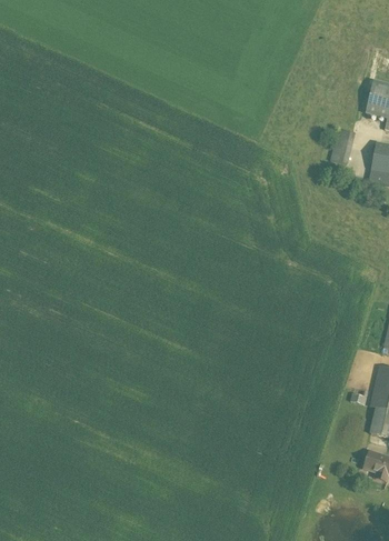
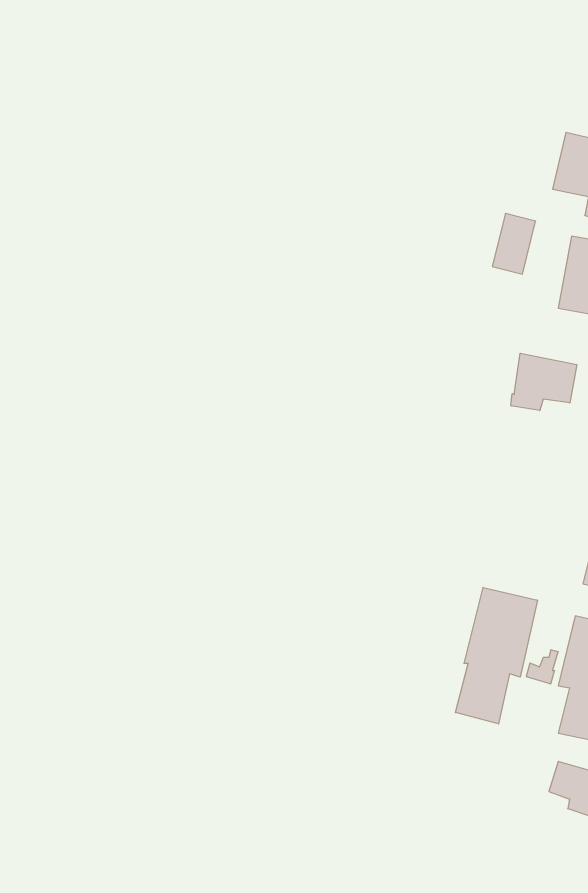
building: none -> [511,353,577,411]
building: none -> [456,587,537,724]

